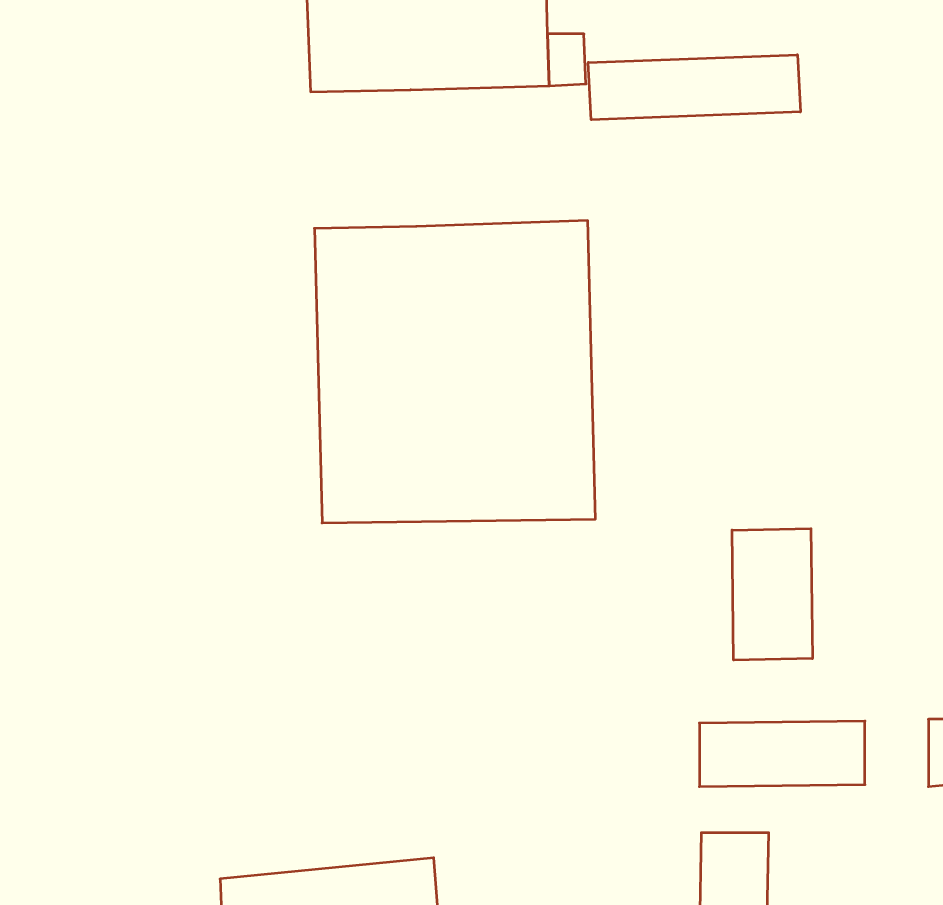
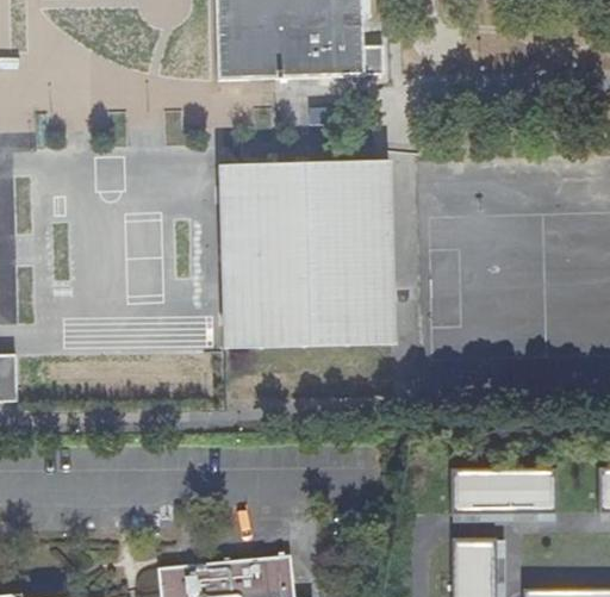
building: [588,55,800,120] -> none
building: [732,529,812,660] -> none

